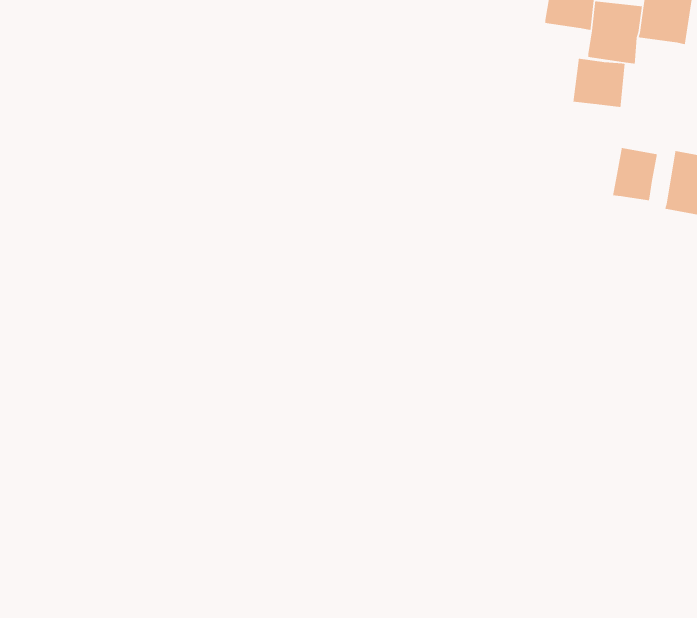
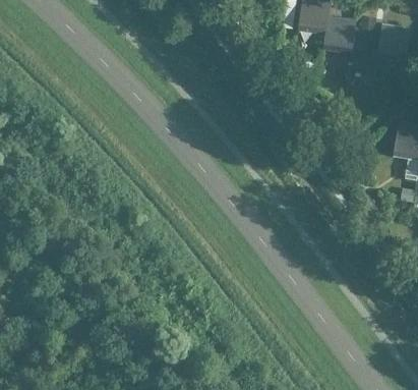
building: [572,58,625,108] -> none
building: [612,147,658,201] -> none

